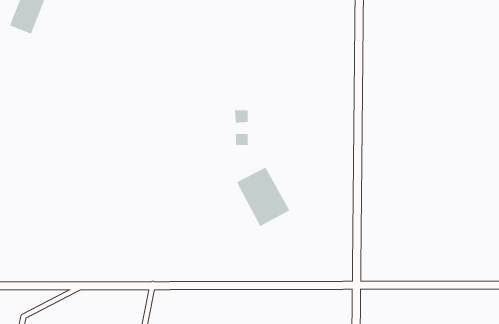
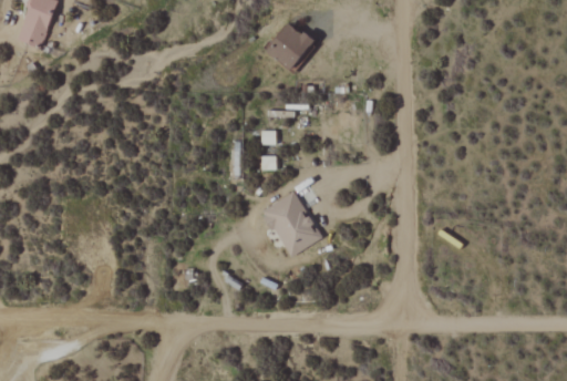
building: none -> [265,21,316,72]

